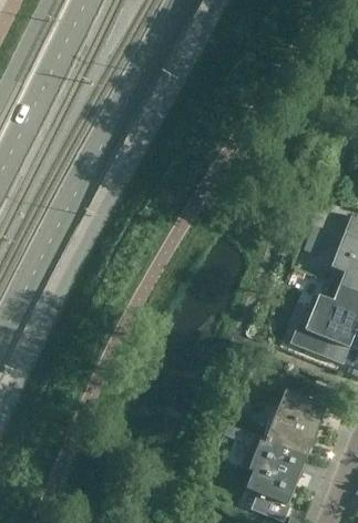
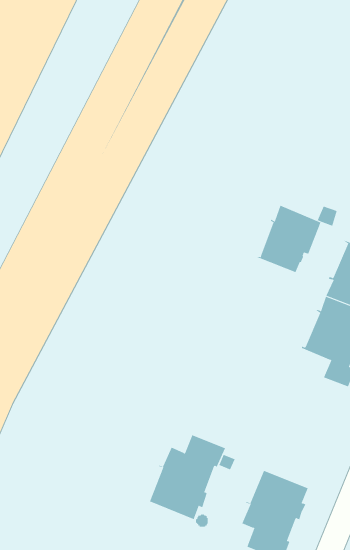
building: none -> [256,205,321,275]
building: [266,379,336,457] -> [149,435,226,520]

